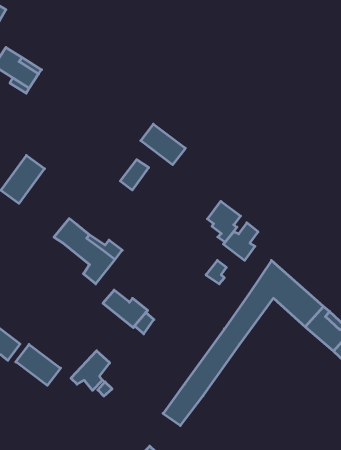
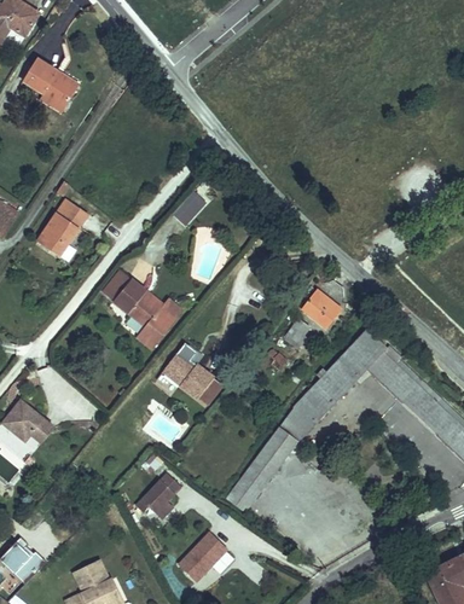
building: [141,124,185,165] -> none
building: [207,201,241,242] -> none
building: [16,344,61,385] -> none
building: [71,351,110,390] -> [138,477,184,524]

